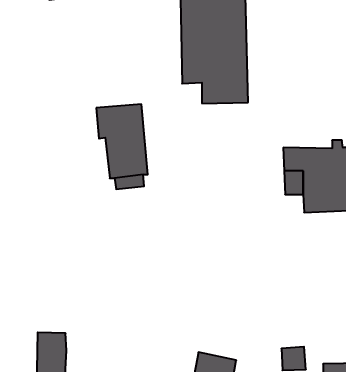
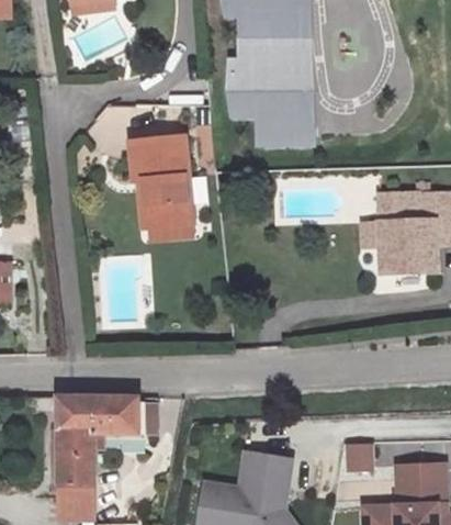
building: none -> [56,396,154,446]

